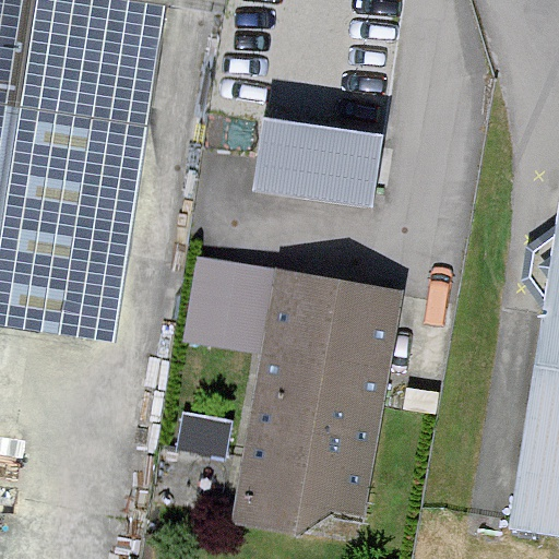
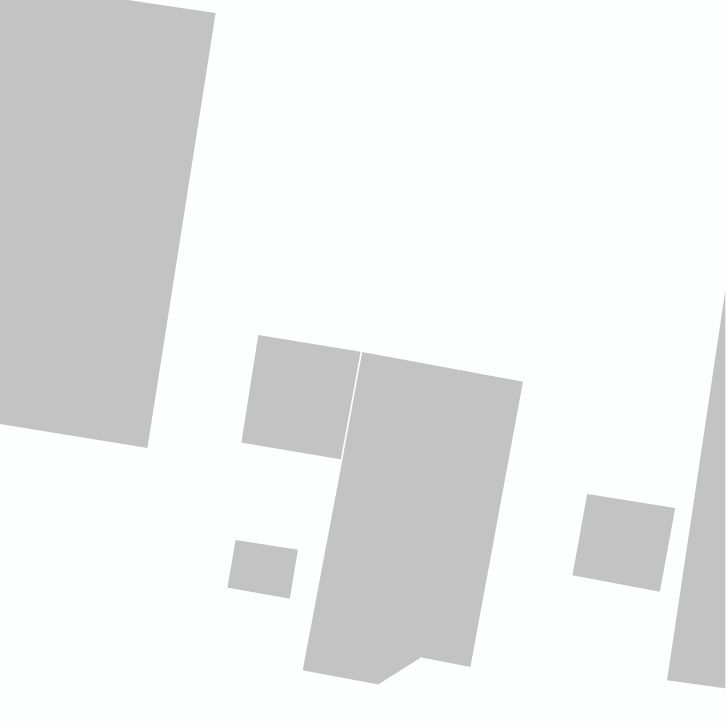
building: [255,120,376,207] -> none
building: none -> [572,493,676,593]

